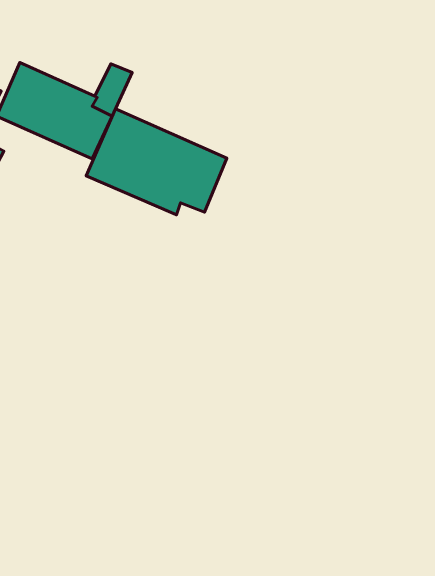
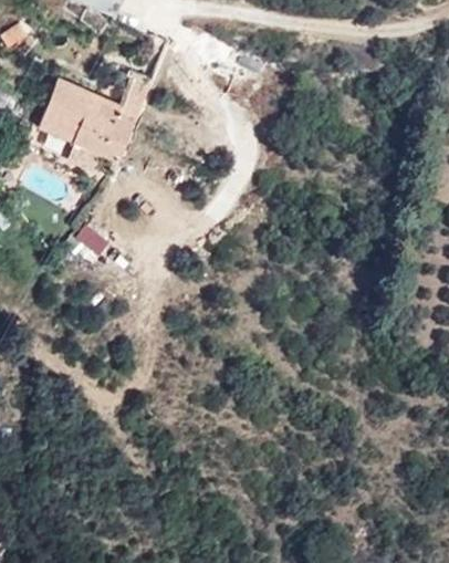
building: [86,109,227,215] -> none

